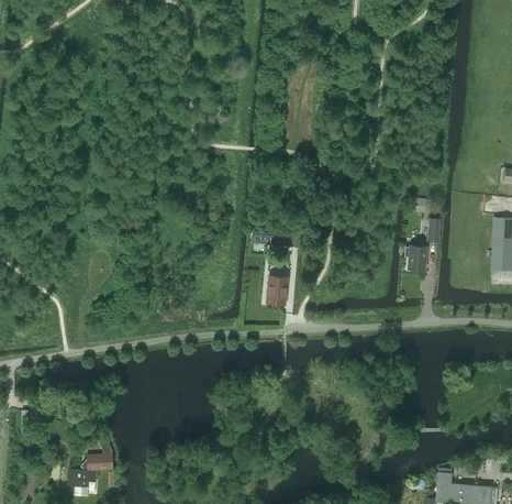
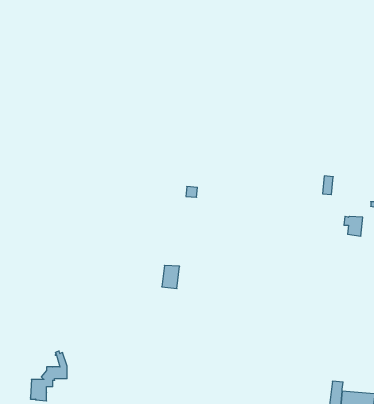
building: [403,246,426,271] -> [344,216,363,236]
building: [265,277,287,306] -> [162,265,180,289]

